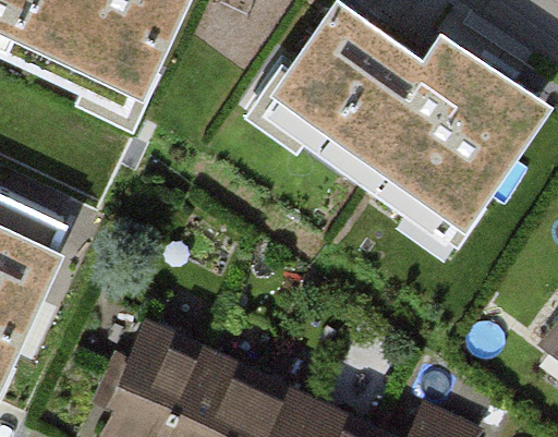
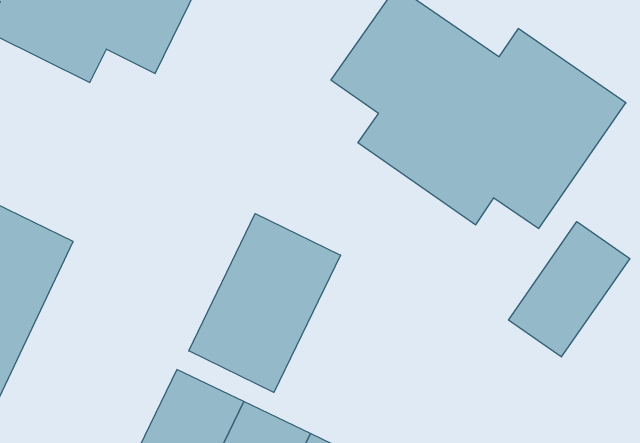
building: none -> [189,214,341,392]
building: none -> [509,222,630,357]

